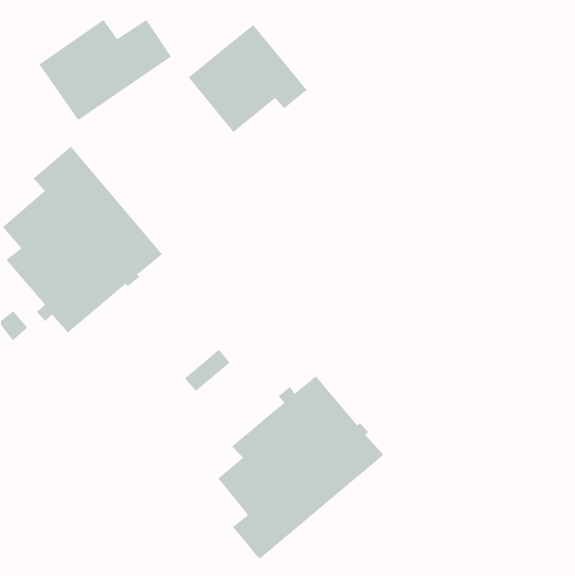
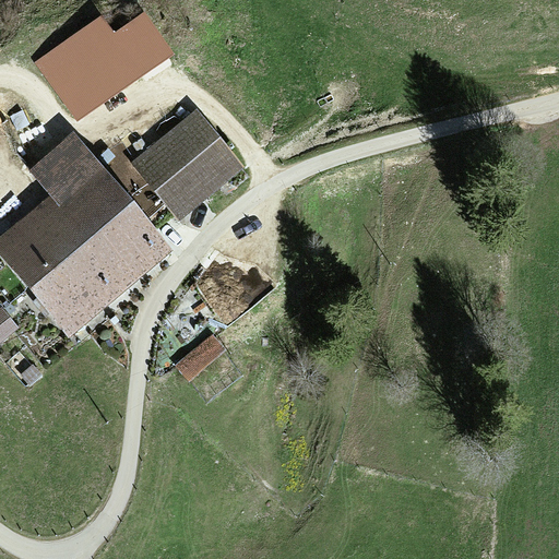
building: [188,24,308,133] -> [135,112,251,217]
building: [218,375,384,560] -> none

